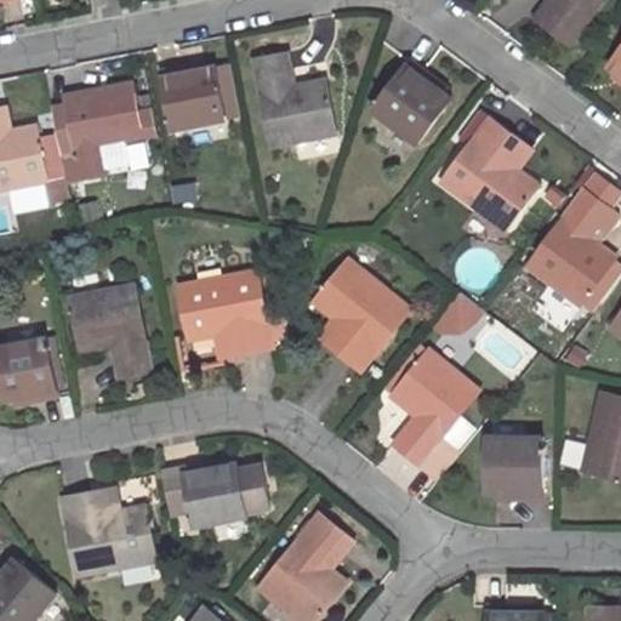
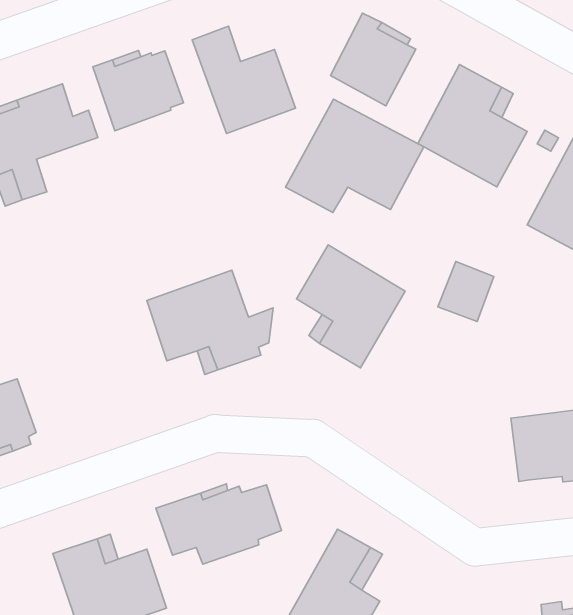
building: none -> [285,99,424,213]
building: [69,284,152,378] -> none
building: [388,348,477,479] -> none

